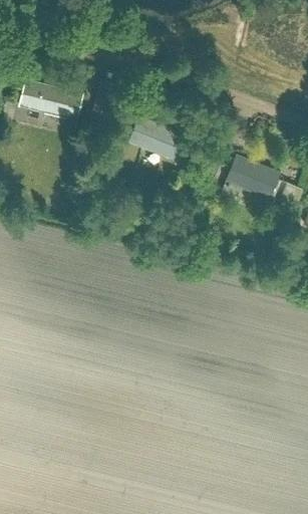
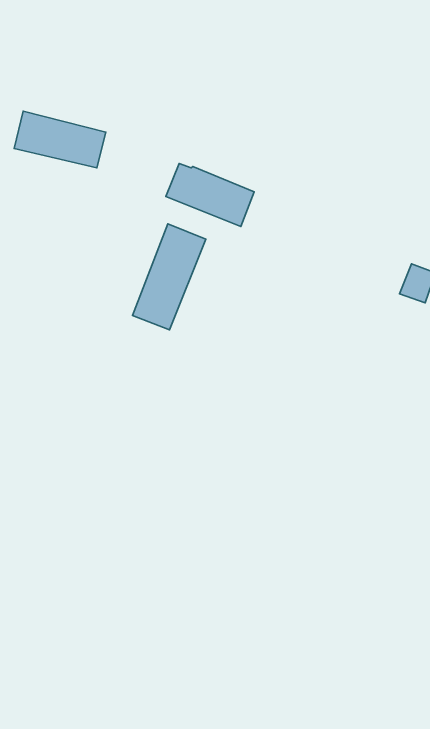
building: [222,155,280,197] -> none
building: none -> [132,224,206,330]

